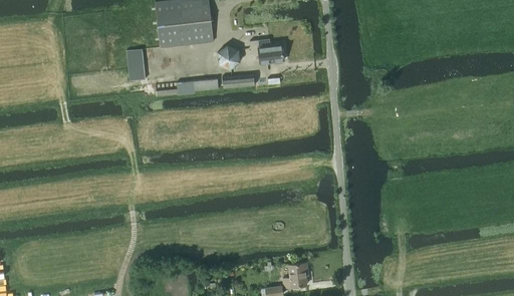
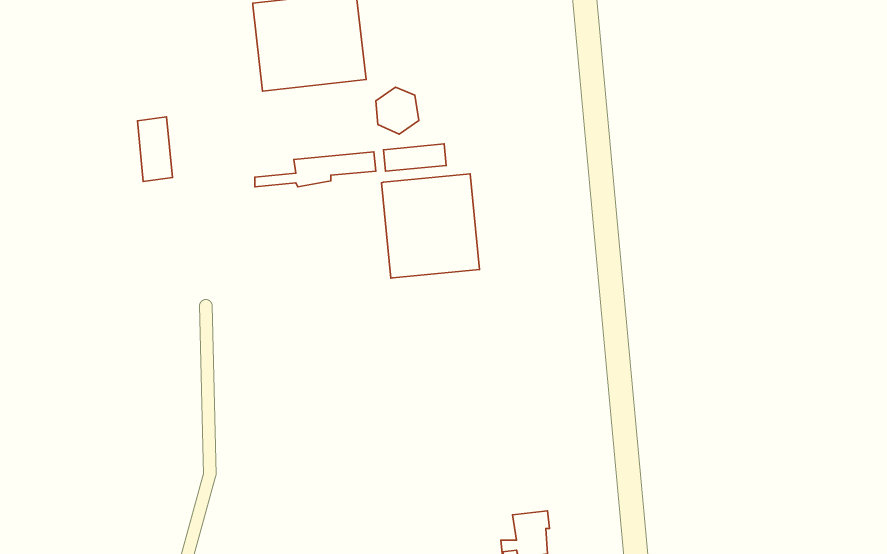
building: [250,40,284,63] -> none
building: [127,48,146,81] -> [137,117,172,181]
building: none -> [382,174,479,278]

